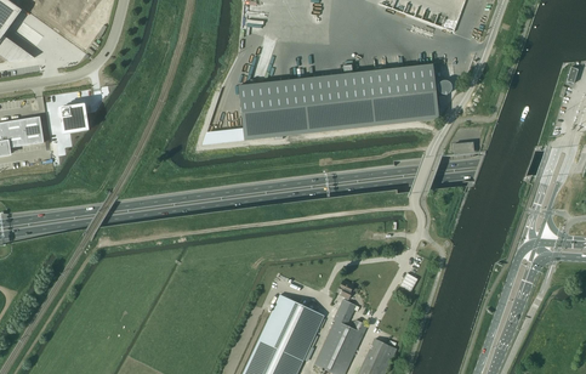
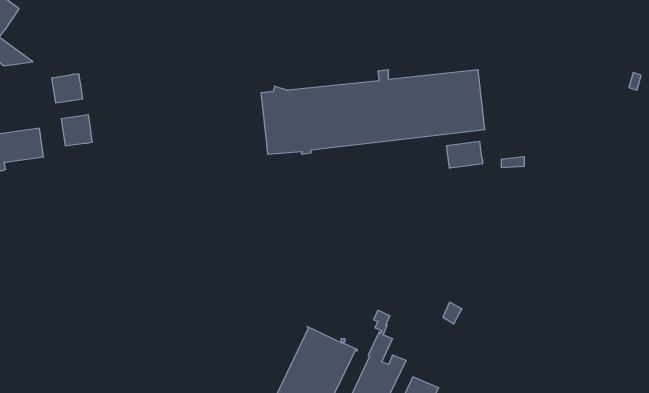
building: none -> [52,74,83,103]
building: none -> [447,141,482,168]

